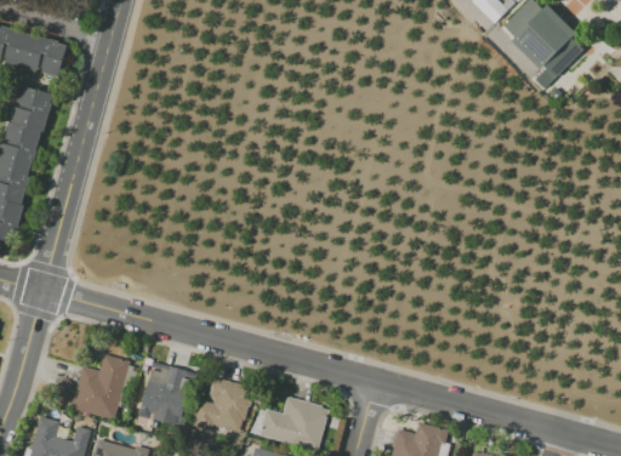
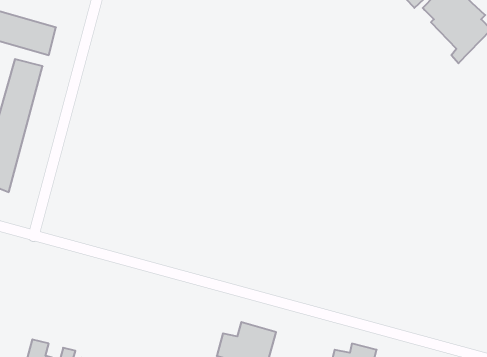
building: [70,354,129,420] -> none
building: [141,361,196,427] -> none
building: [190,378,255,432] -> none

